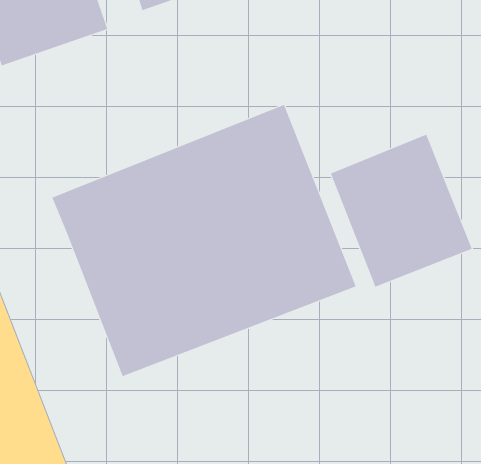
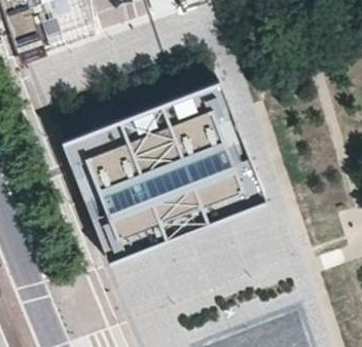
building: [330,134,472,288] -> none

